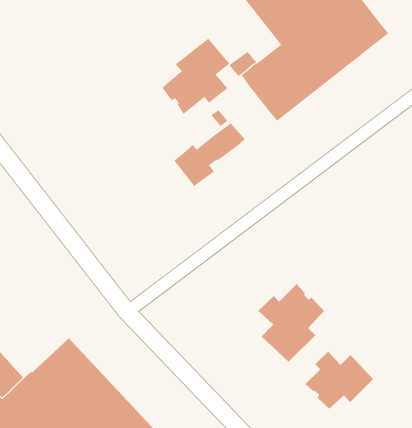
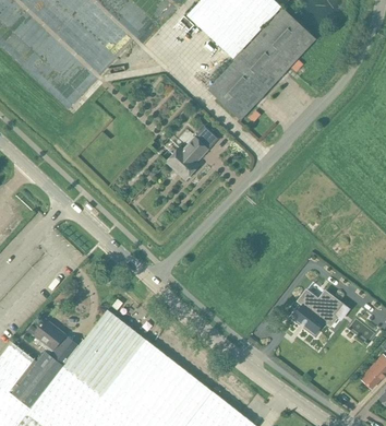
building: [162,38,230,115] -> none
building: [258,283,325,362] -> none

